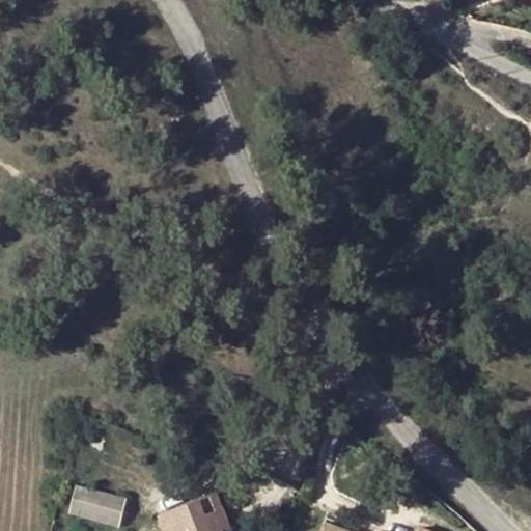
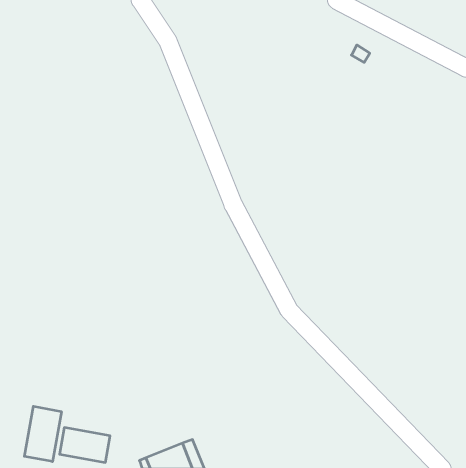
building: none -> [24,406,61,462]

